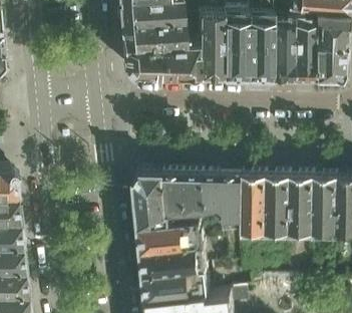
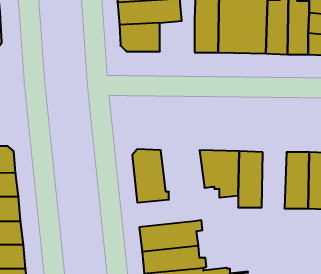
building: [164,45,200,78] -> none
building: [165,178,210,220] -> none
building: [268,180,293,237] -> none
building: [141,224,205,256] -> none

